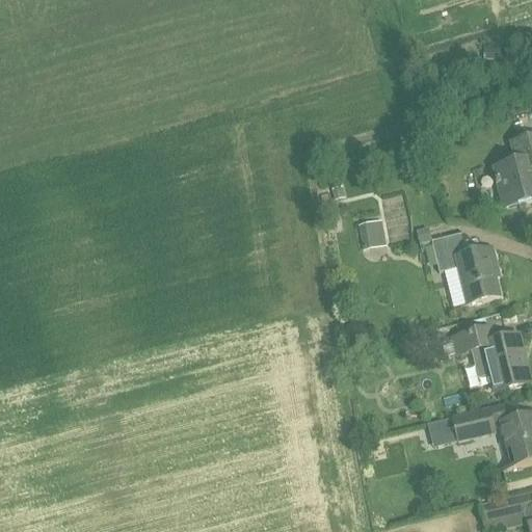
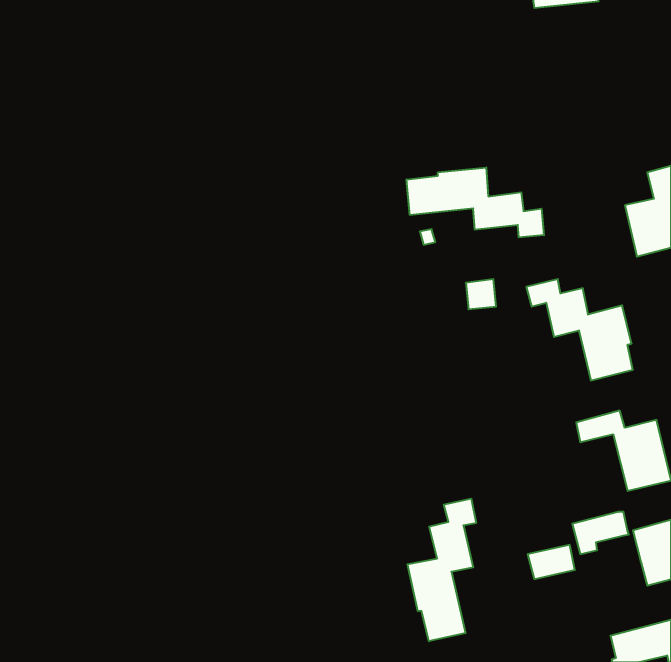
building: none -> [407,167,544,237]
building: none -> [407,499,476,641]

